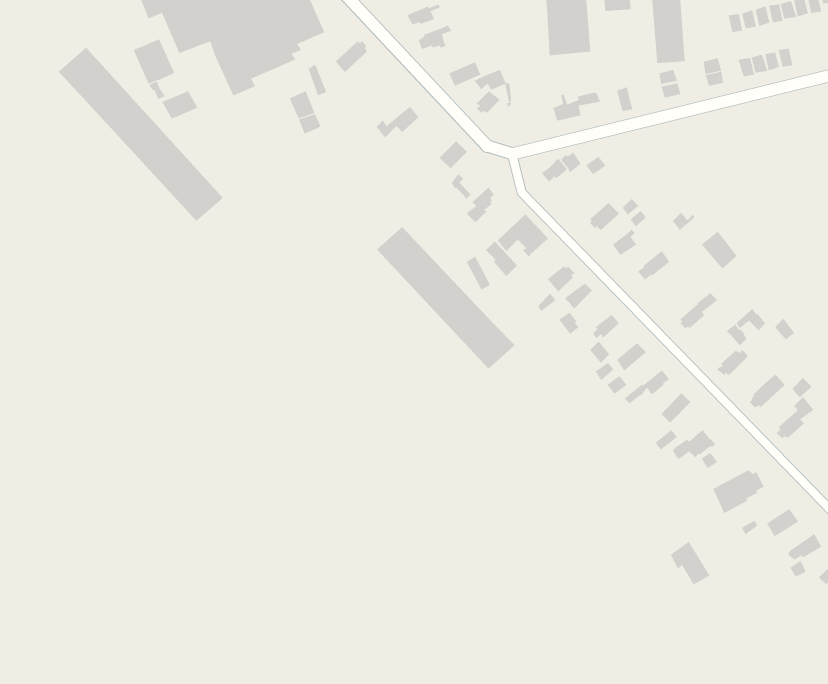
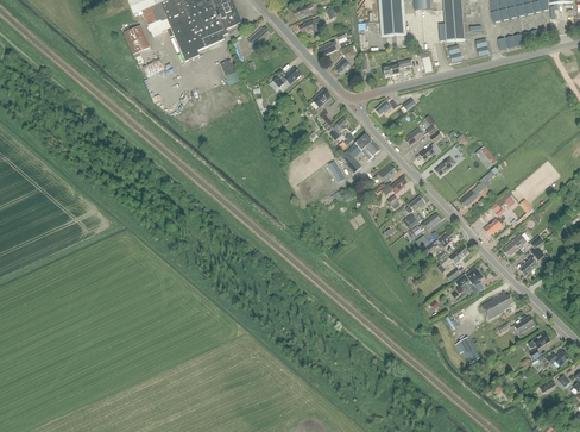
building: [58,47,224,222] -> none
building: [376,226,515,370] -> none

